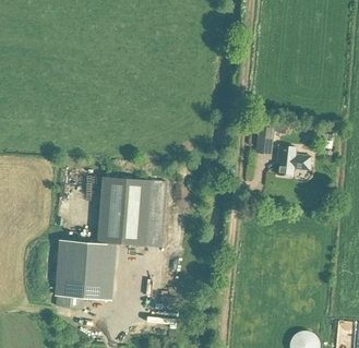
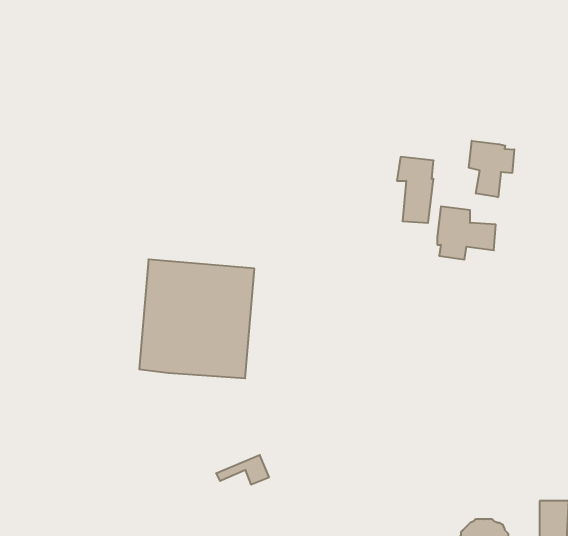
building: none -> [469,141,514,197]
building: [53,240,116,309] -> none

